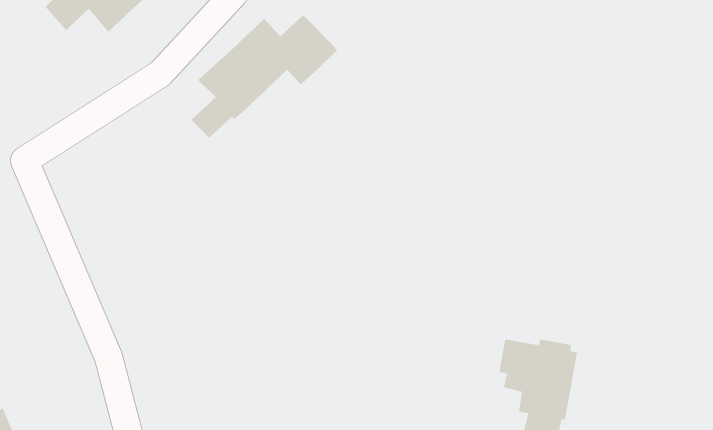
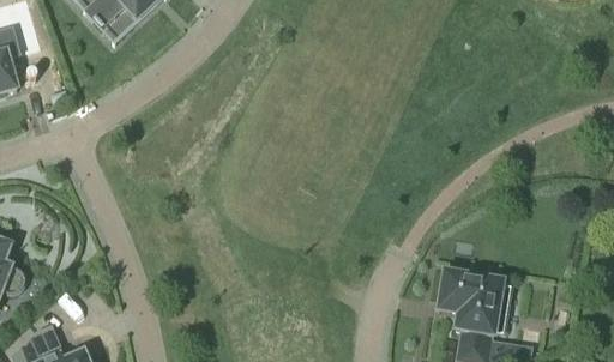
building: [190,14,338,139] -> none

